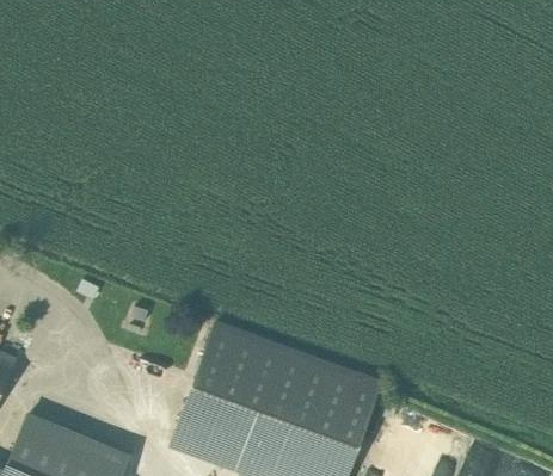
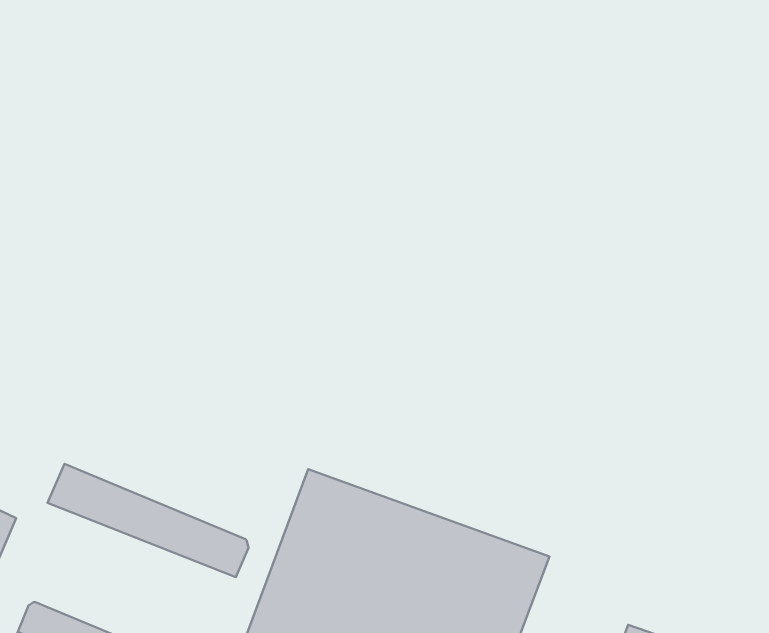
building: none -> [48,464,249,577]

